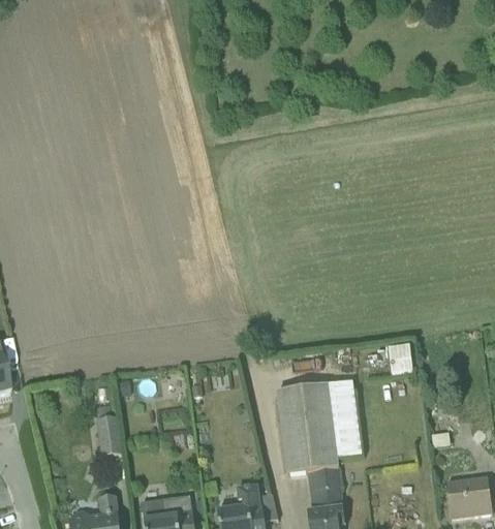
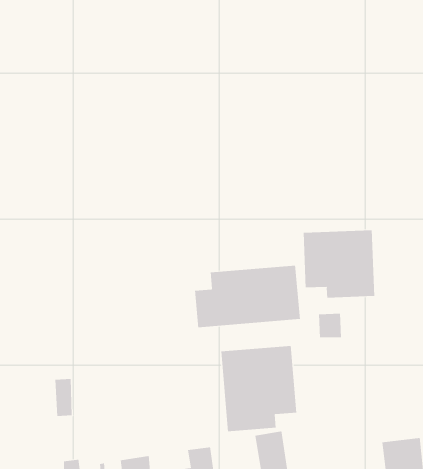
building: none -> [303,229,375,299]
building: none -> [195,265,300,328]

